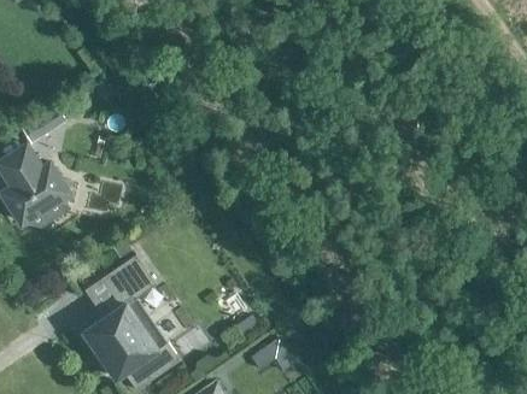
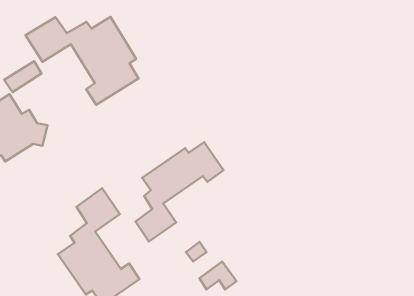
building: none -> [26,17,139,105]
building: none -> [136,142,224,242]

